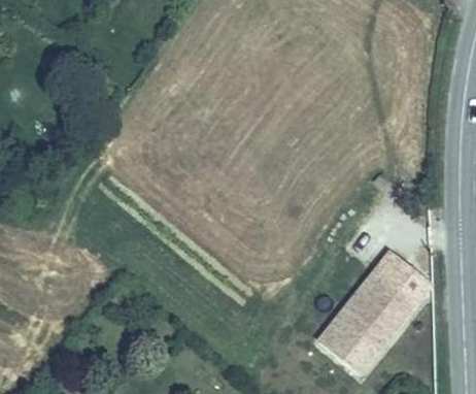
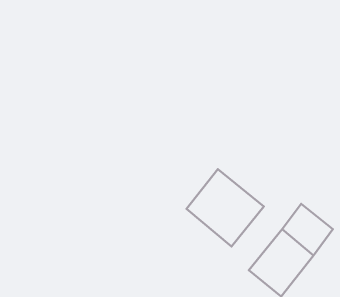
building: none -> [186,169,264,246]

